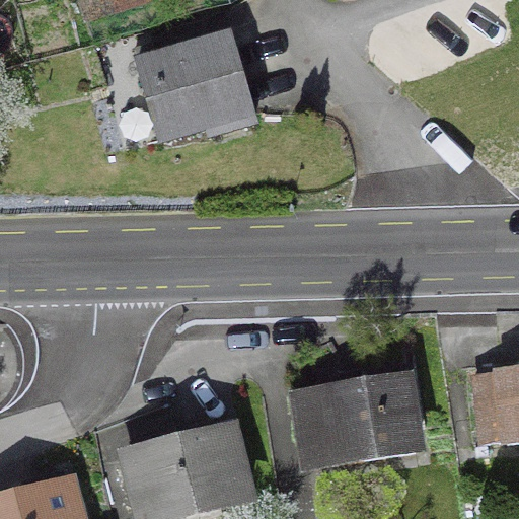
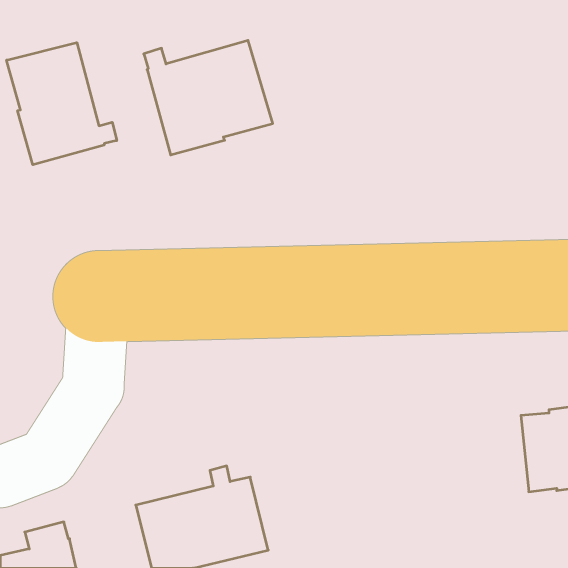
building: none -> [7,43,117,165]
building: [296,376,416,468] -> none

